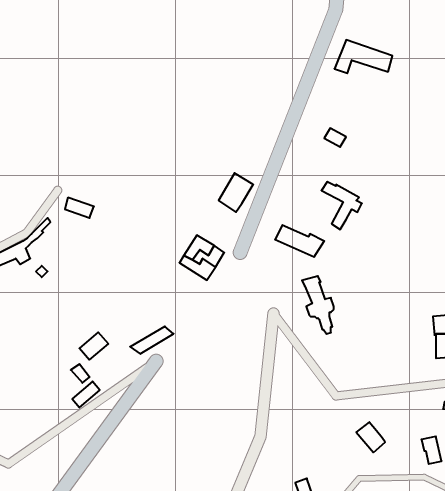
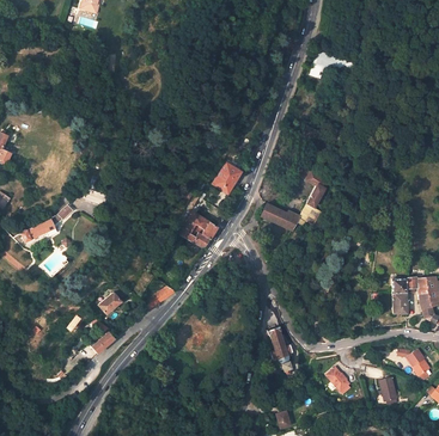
building: [302,276,334,334] -> [266,326,292,374]

